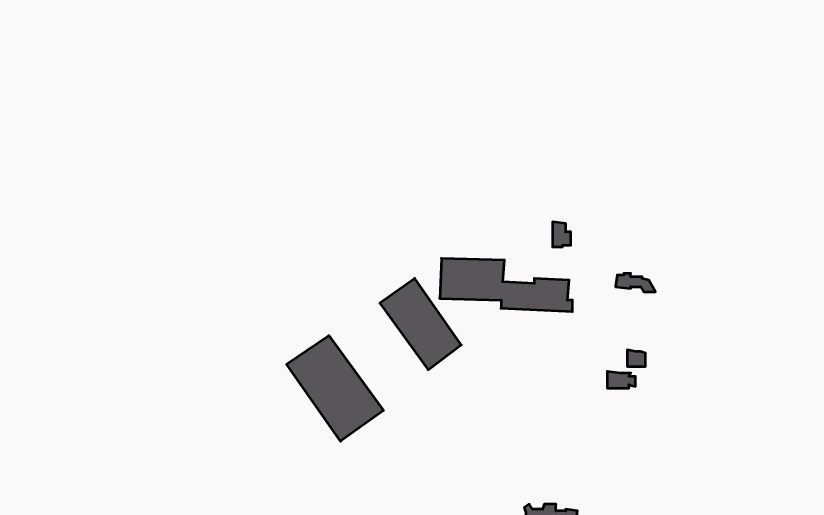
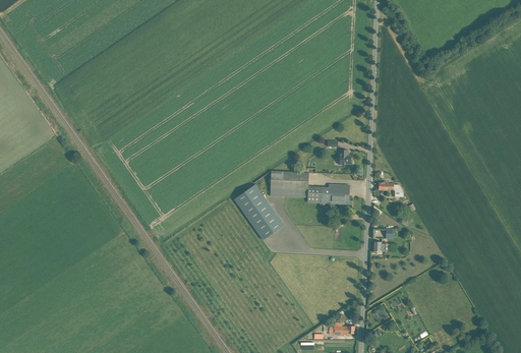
building: [287,336,383,441] -> none

